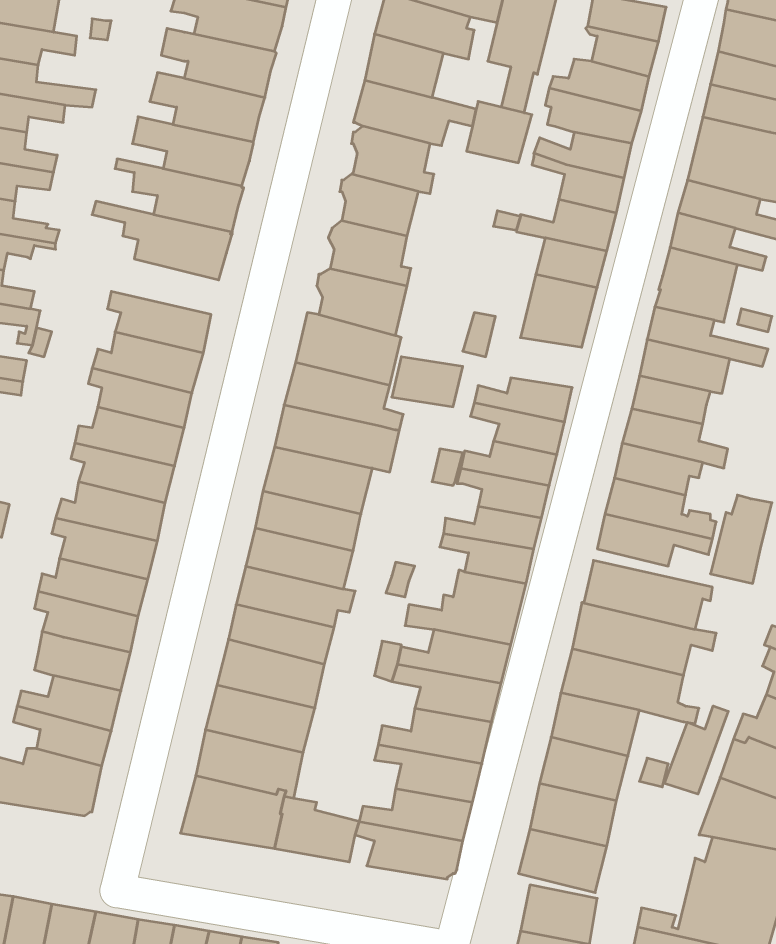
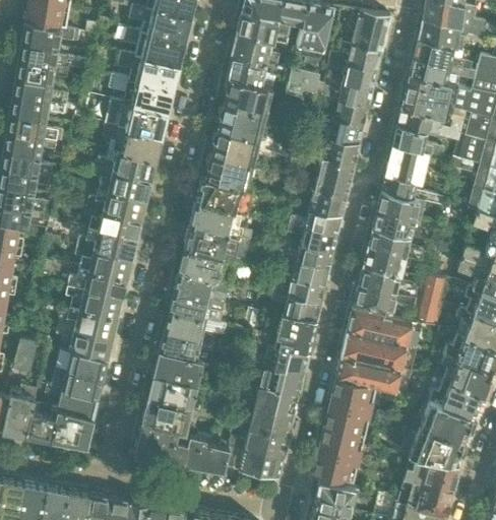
building: none -> [98,150,156,180]
building: [392,357,463,407] -> [309,192,347,218]
building: [664,706,728,794] -> none

